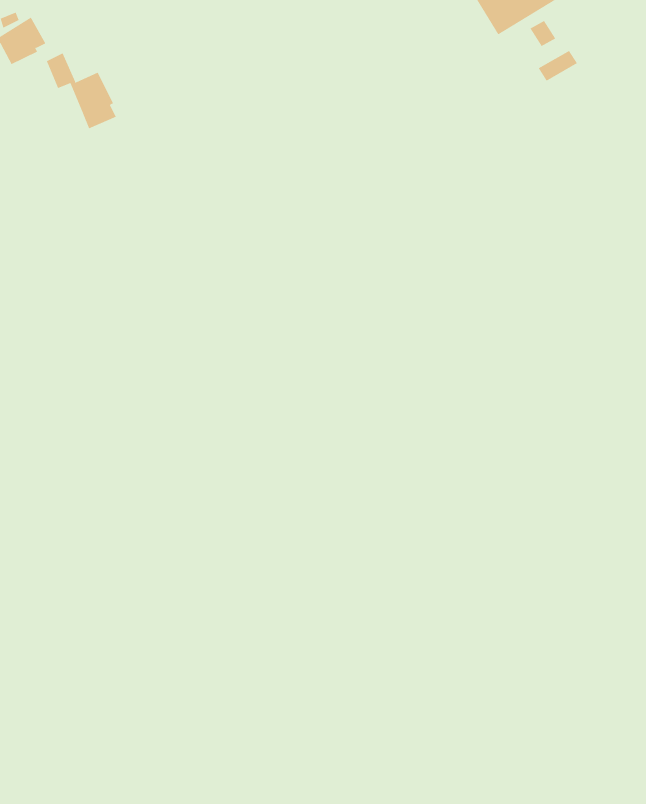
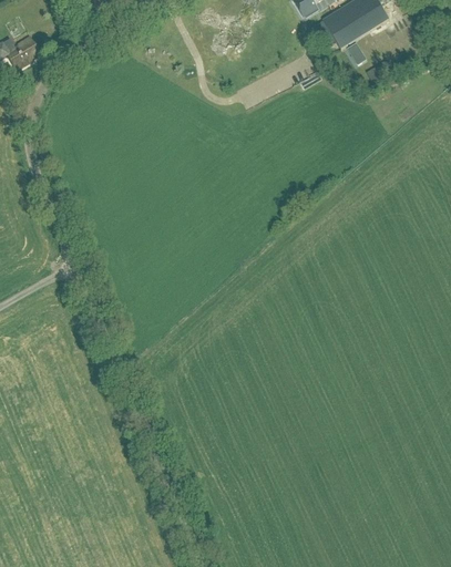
building: [46,52,117,129] -> none

